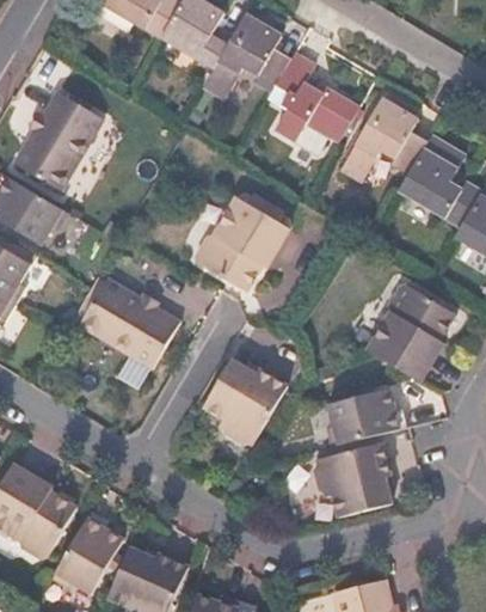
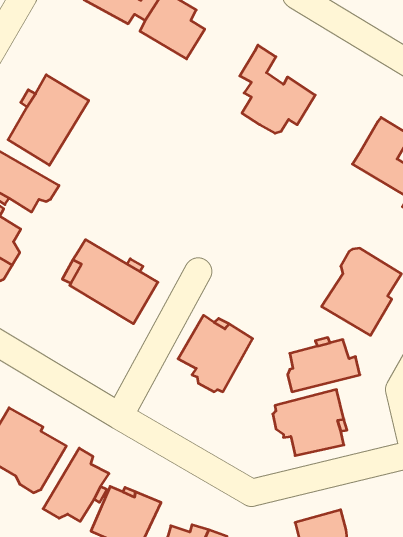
building: [201,17,289,103] -> none
building: [342,96,427,180] -> none
building: [195,194,291,288] -> none

